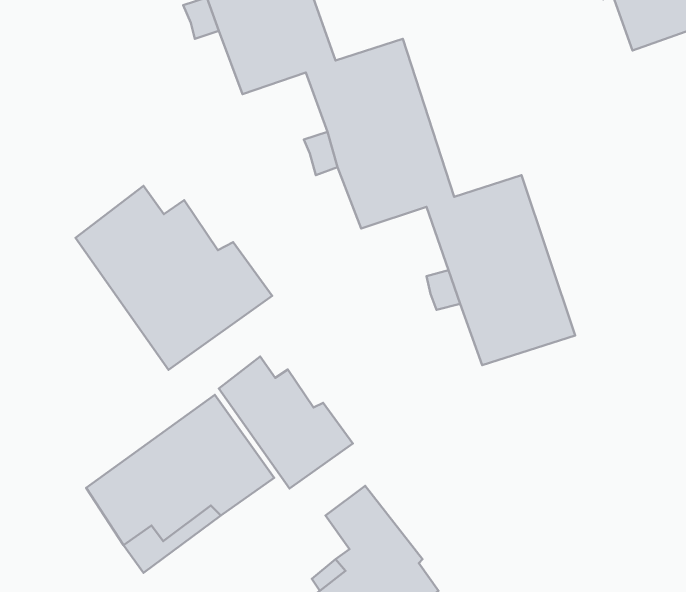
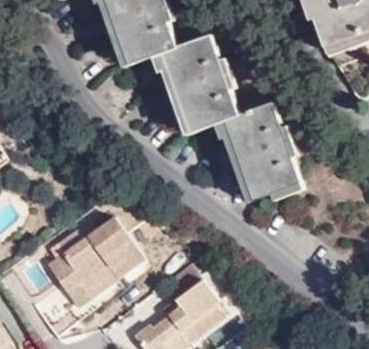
building: [76,186,272,370] -> none
building: [219,356,353,489] -> none

